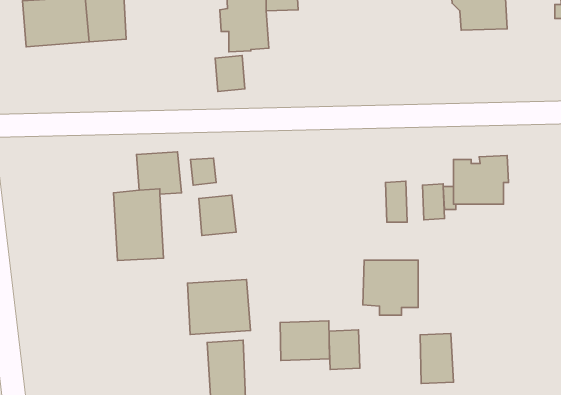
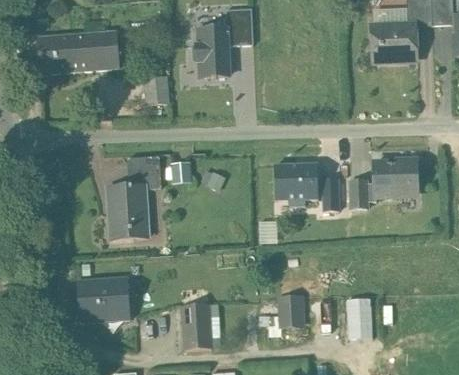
building: [215,56,245,91] -> [145,75,168,103]
building: [199,195,236,236] -> none
building: [363,260,418,315] -> [274,162,317,205]
building: [188,279,251,334] -> [80,278,129,321]
building: [280,321,330,360] -> none

